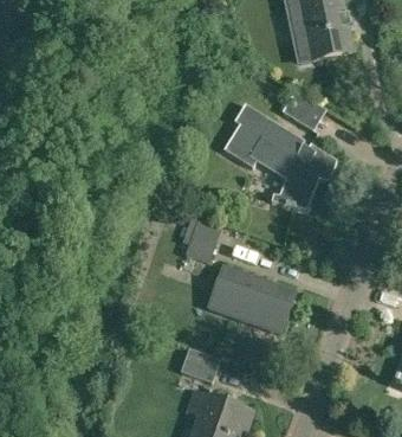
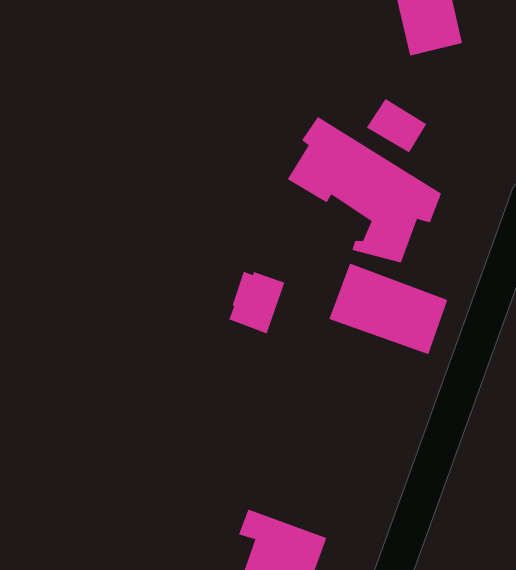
building: [208,265,296,333] -> [329,263,448,355]
building: [181,349,220,383] -> none

